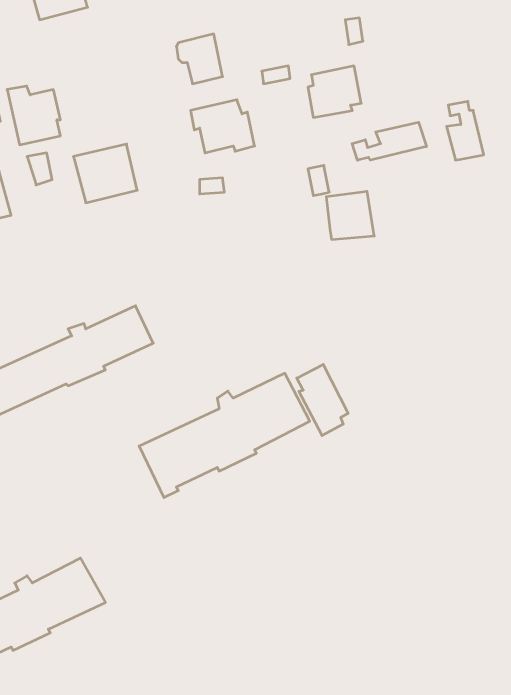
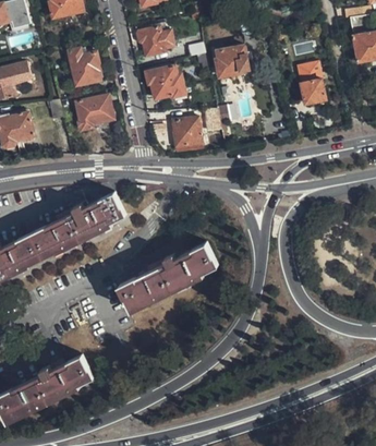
building: [7,86,60,145] -> [69,50,101,86]
building: [352,122,426,160] -> none
building: [326,191,374,239] -> [175,119,205,148]
building: [297,364,348,436] -> none

